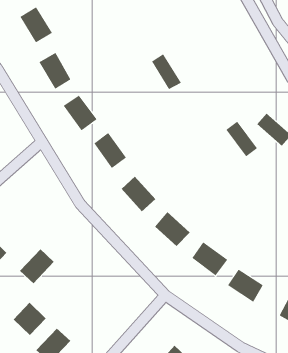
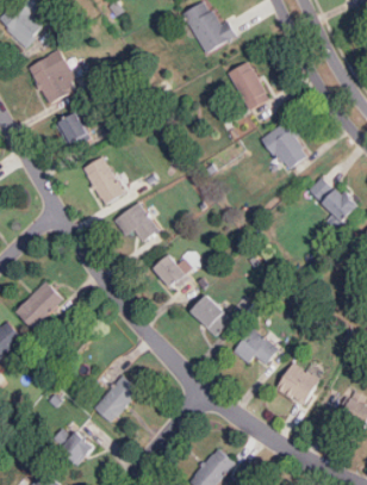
building: [151,53,182,90] -> [230,62,266,105]
building: [225,121,258,157] -> [266,122,304,164]
building: [19,249,55,284] -> [18,282,60,324]
building: none -> [94,379,135,421]
building: [13,302,47,336] -> none

